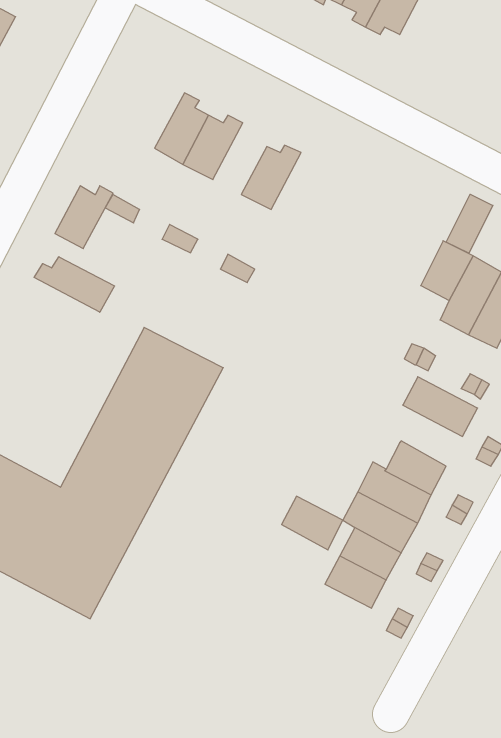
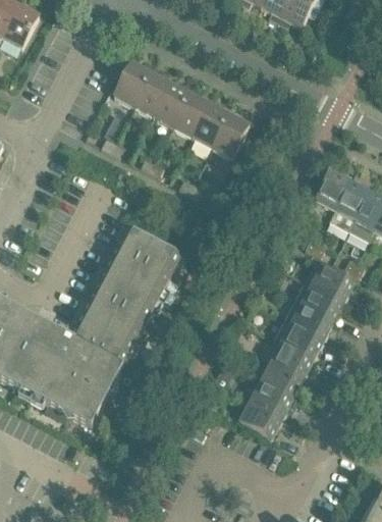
building: none -> [173,86,210,135]
building: none -> [213,106,250,156]
building: [55,186,113,249] -> [114,60,154,103]
building: [446,194,493,253] -> none
building: [34,257,115,312] -> none
building: none -> [292,278,343,320]
building: [282,496,343,550] -> [239,401,281,437]

